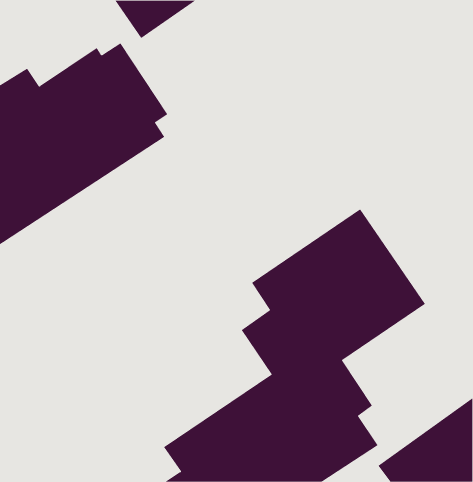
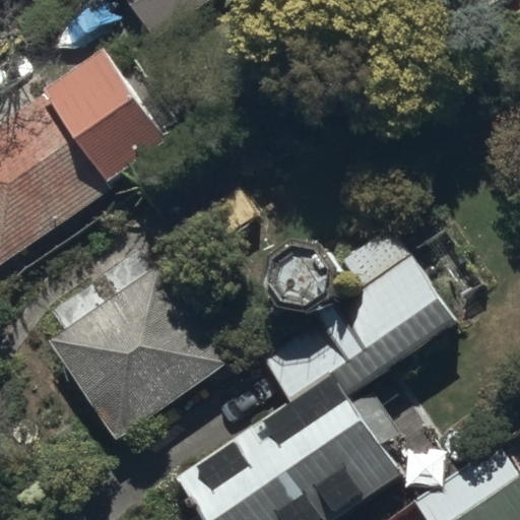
building: none -> [46,249,224,445]

